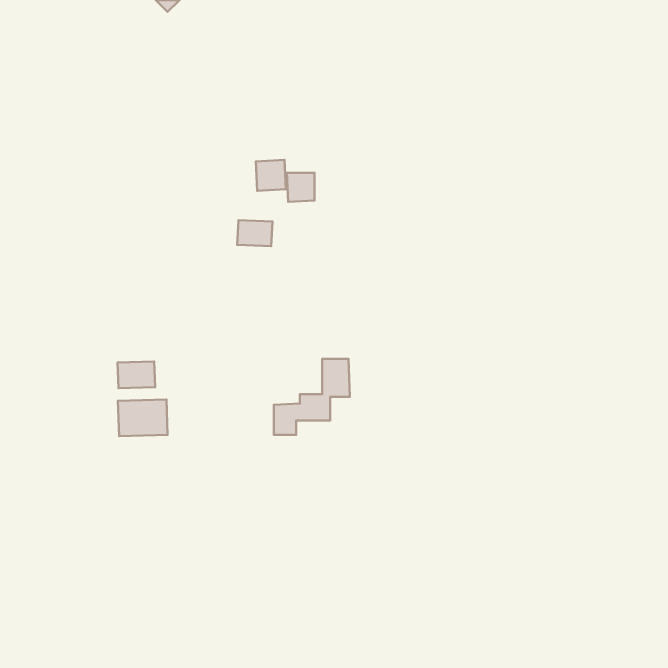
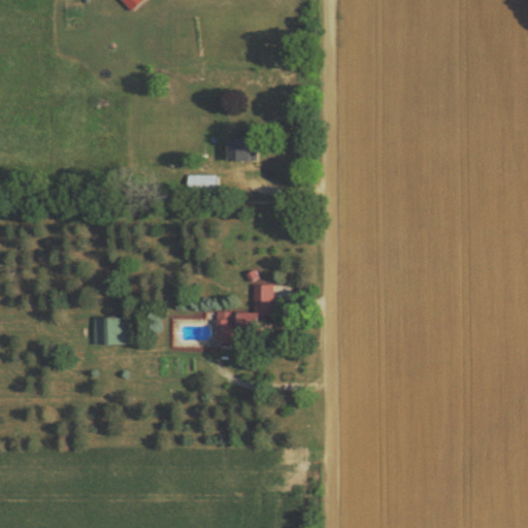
building: [256,160,286,191] -> none
building: [118,361,155,388] -> none

